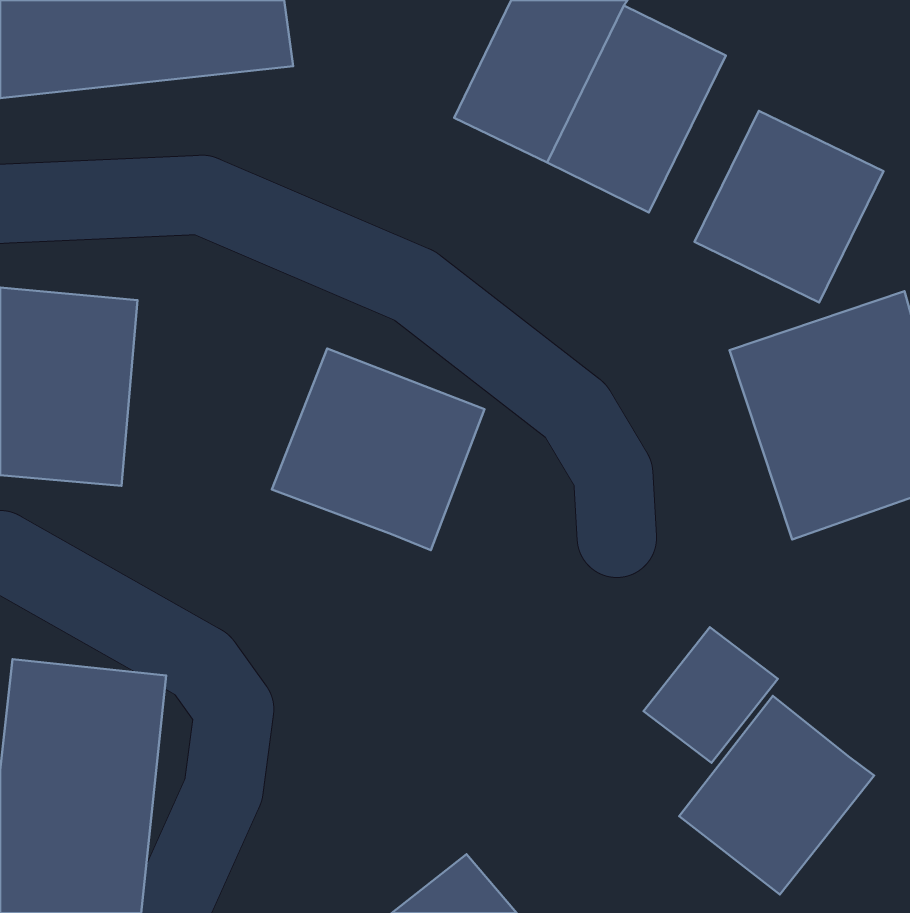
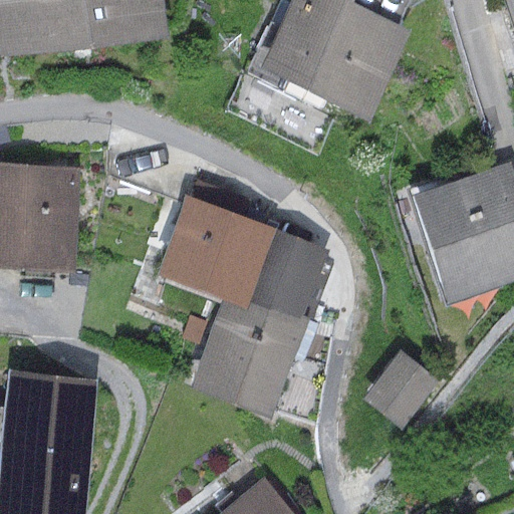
building: [695,111,883,303] -> none
building: none -> [189,230,328,418]
building: [679,696,874,895] -> none

